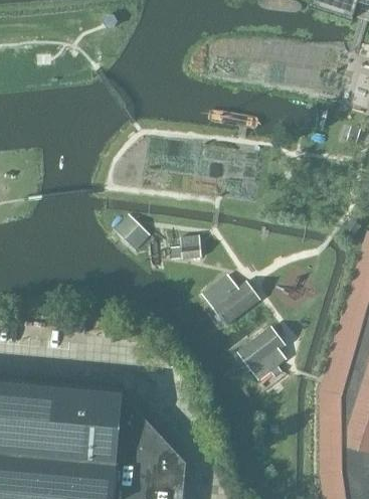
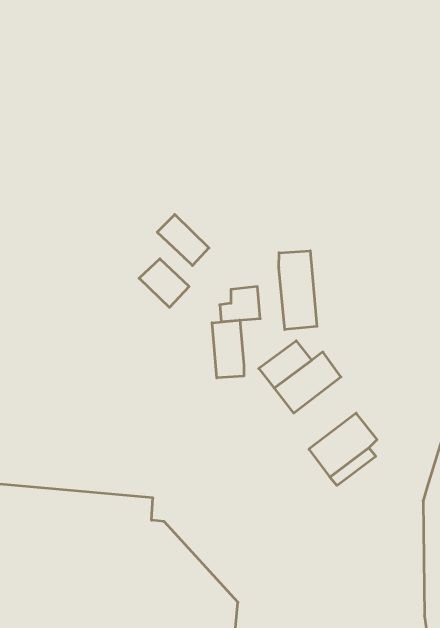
building: none -> [157,214,209,266]
building: none -> [279,251,317,330]
building: none -> [212,320,244,378]

